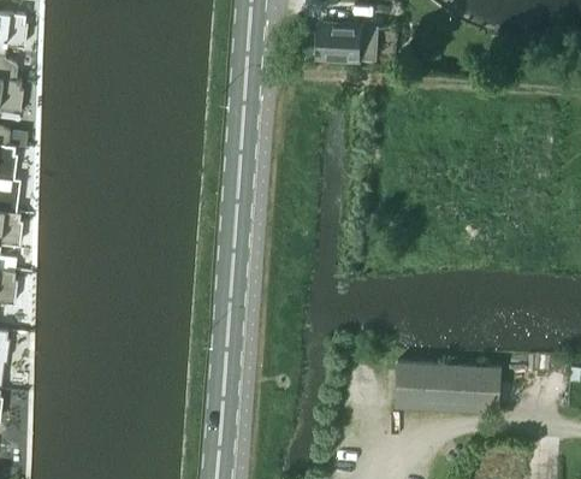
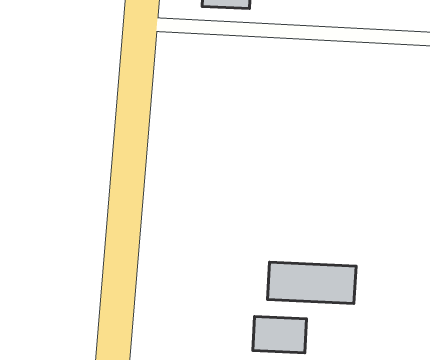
building: none -> [253,316,307,353]

